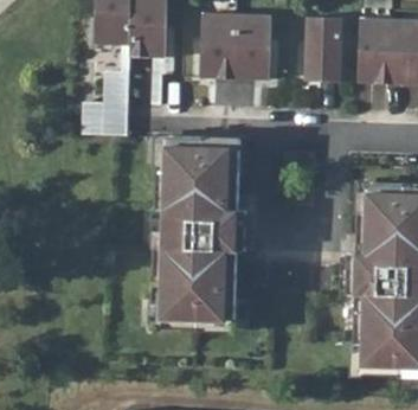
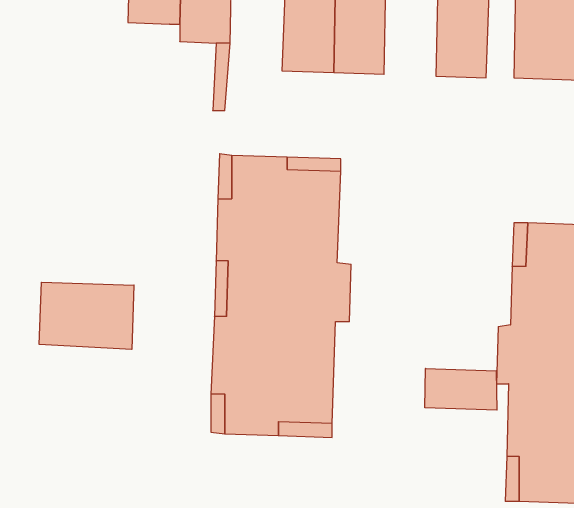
building: [82,46,130,135] -> none
building: none -> [39,282,134,349]
building: none -> [425,368,497,410]

